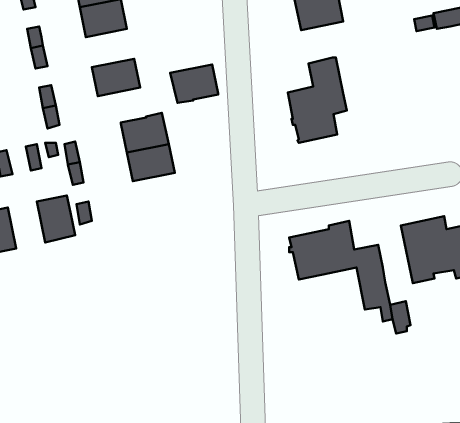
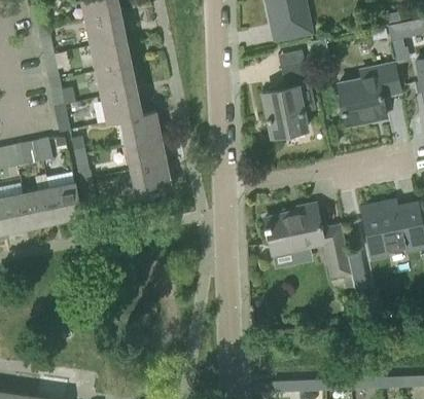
building: none -> [91,39,132,72]
building: none -> [339,63,400,125]
building: [170,65,218,103] -> [101,89,142,122]
building: none -> [131,162,172,196]
building: none -> [24,187,56,227]

